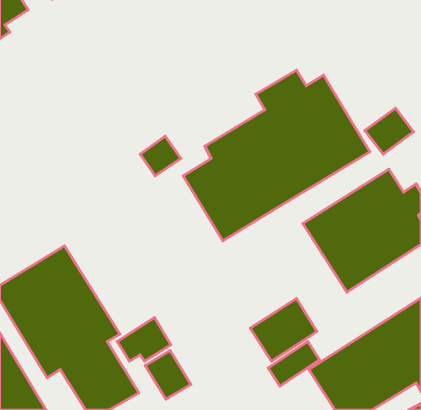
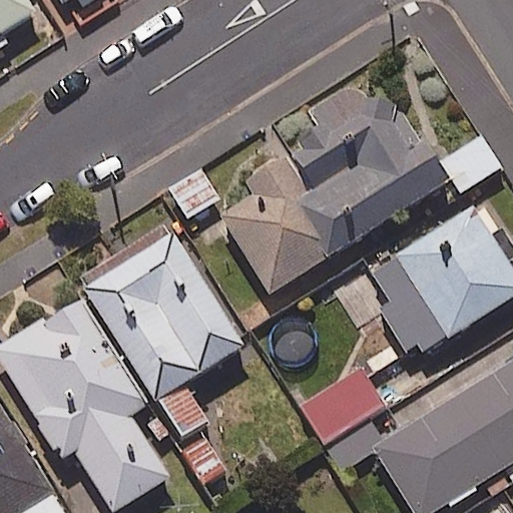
building: none -> [83,235,243,404]

